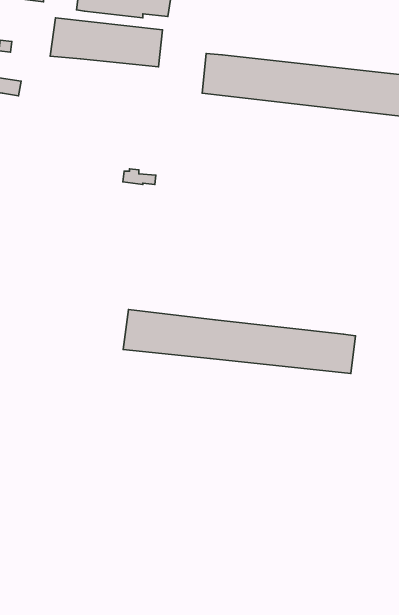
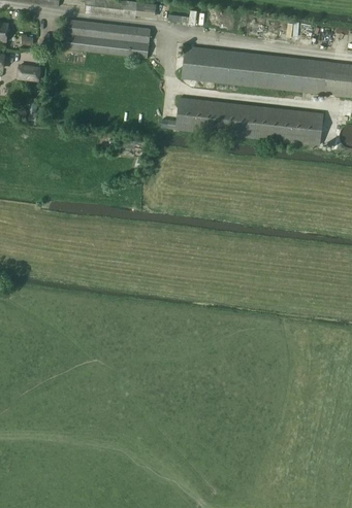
building: none -> [168,97,324,144]
building: [123,309,355,374] -> none

